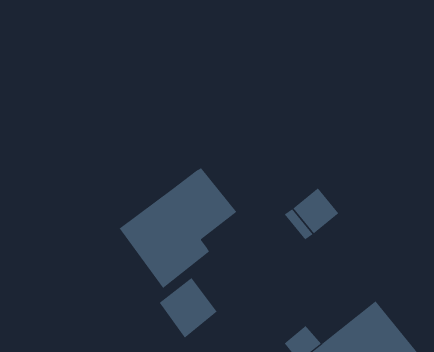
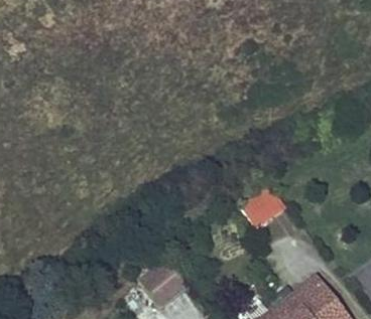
building: [119,168,237,289] -> none

